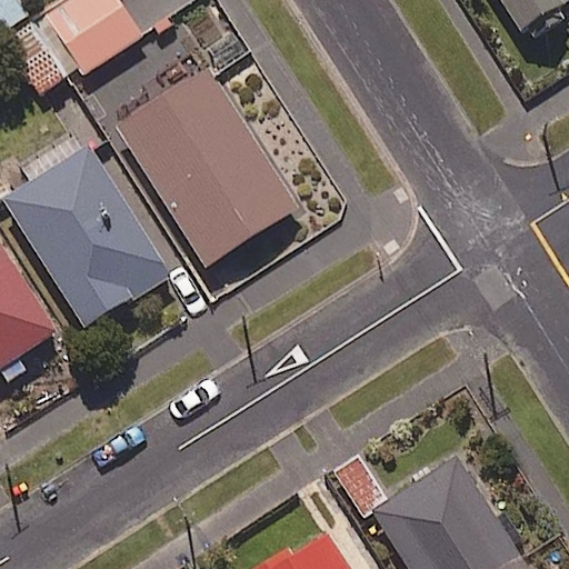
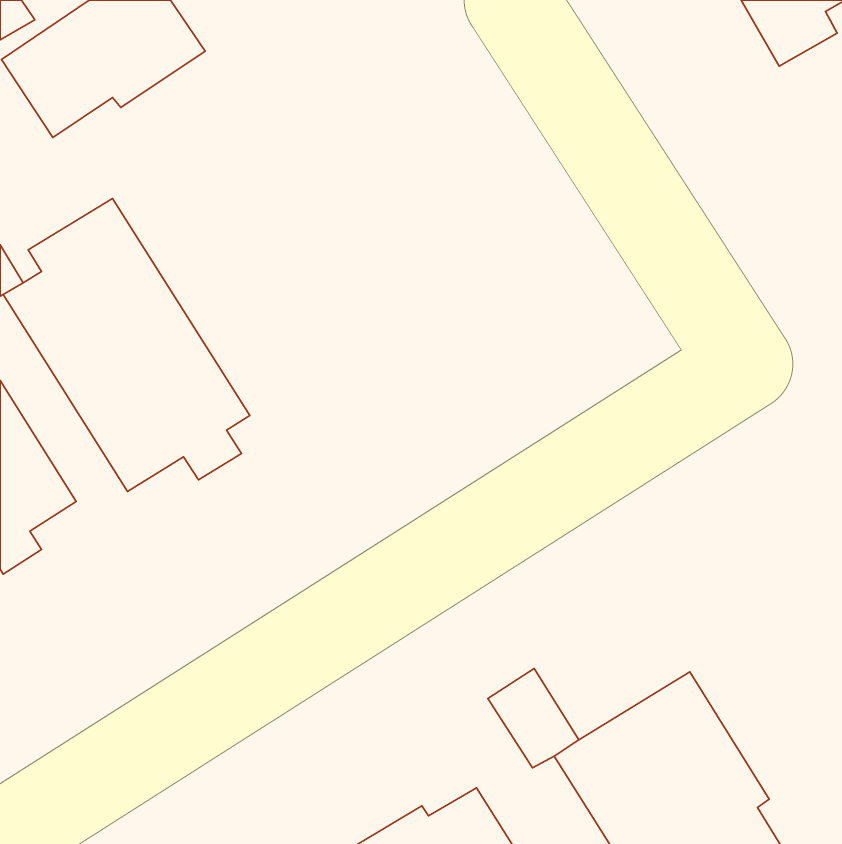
building: [113,64,296,263] -> none

